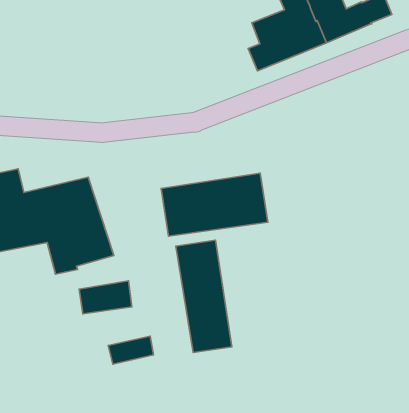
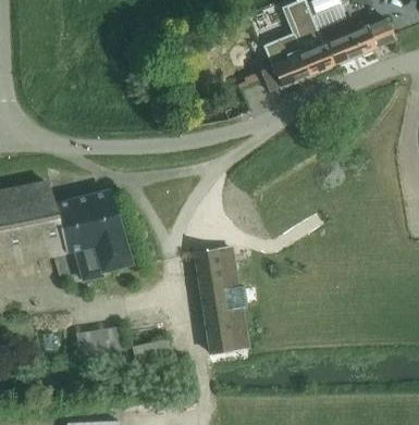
building: [161,173,268,236] -> none
building: [79,281,132,314] -> [74,325,123,355]

